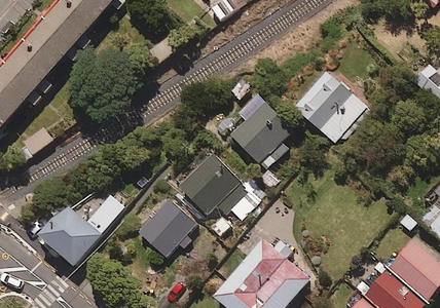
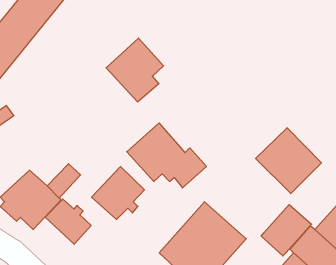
building: [294,68,367,141] -> [256,128,321,194]
building: [229,98,293,168] -> [106,38,164,102]
building: none -> [45,199,91,244]
building: none -> [261,205,312,256]

